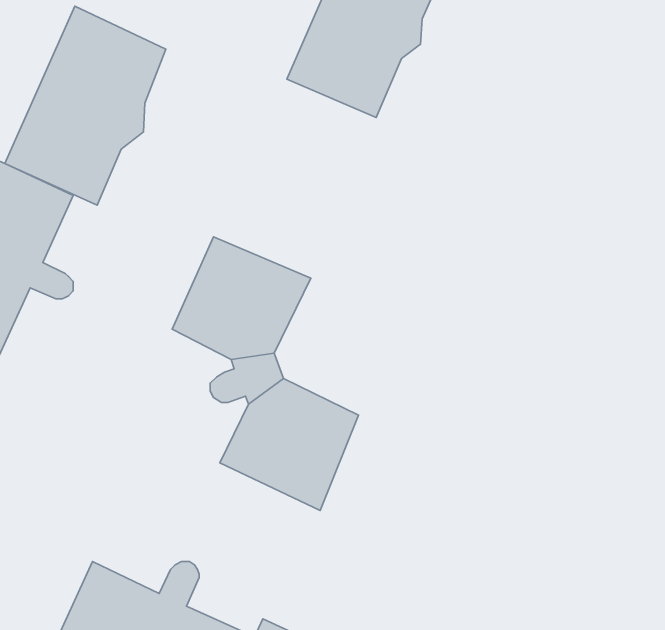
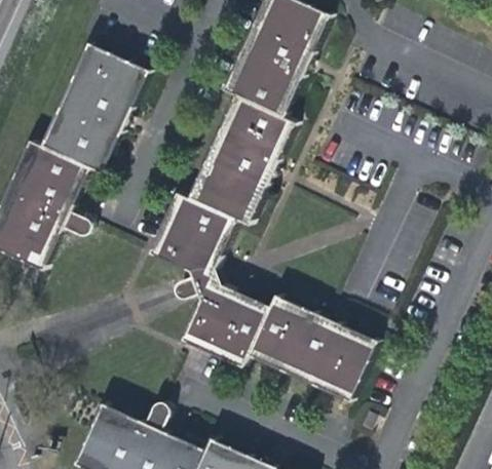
building: none -> [192,97,294,224]
building: none -> [253,300,375,398]

